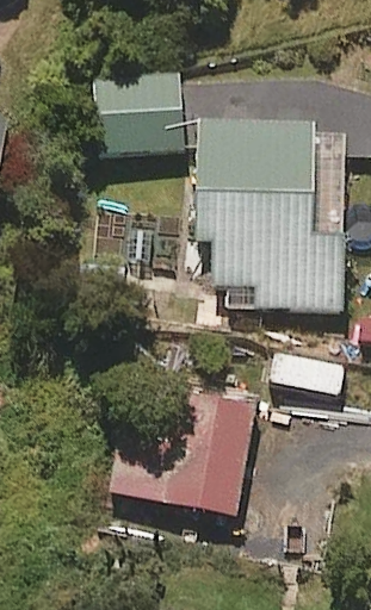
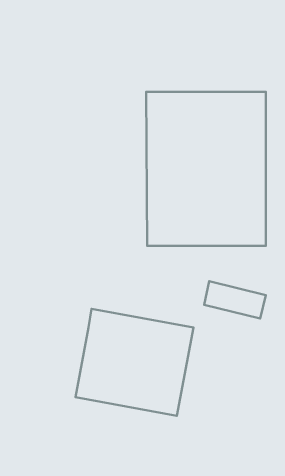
building: [87,73,185,161] -> none

